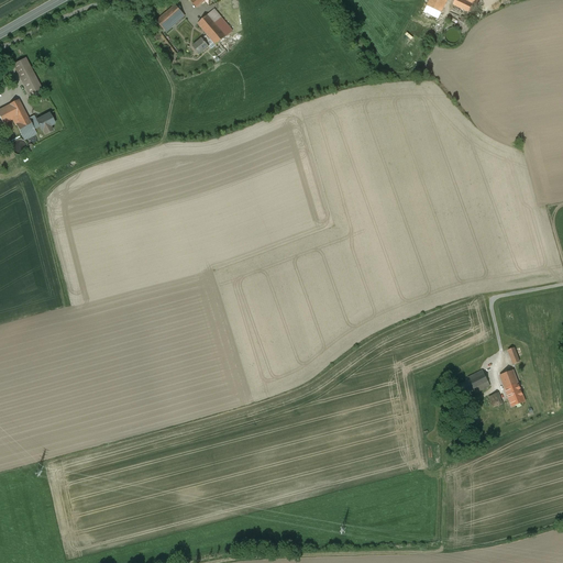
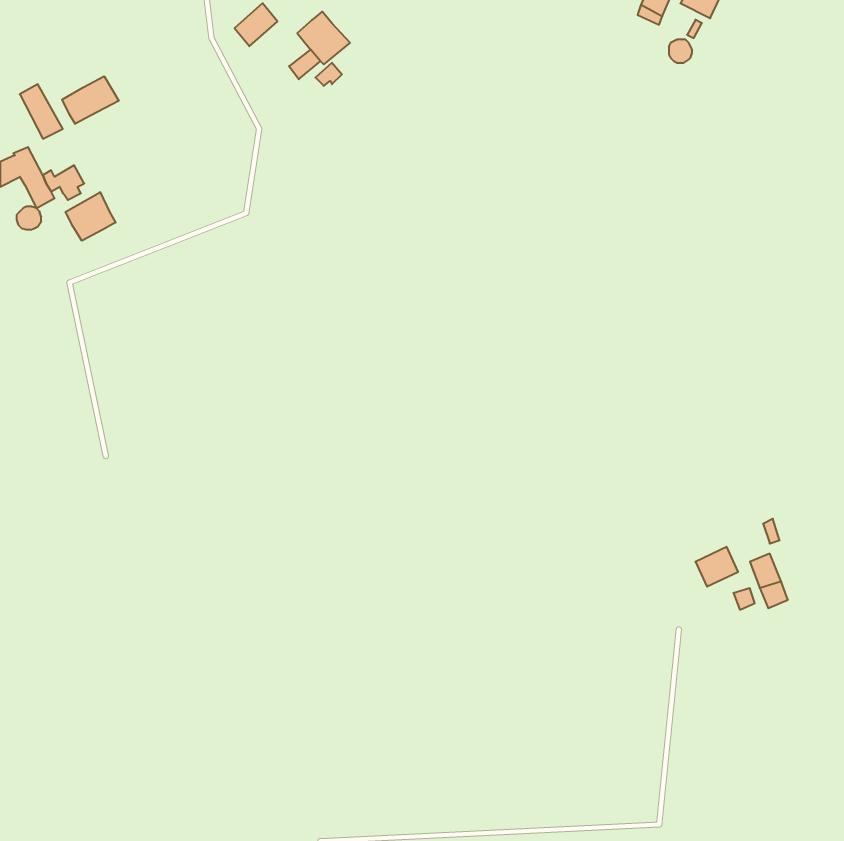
building: none -> [62,76,119,124]
building: none -> [66,192,116,241]

